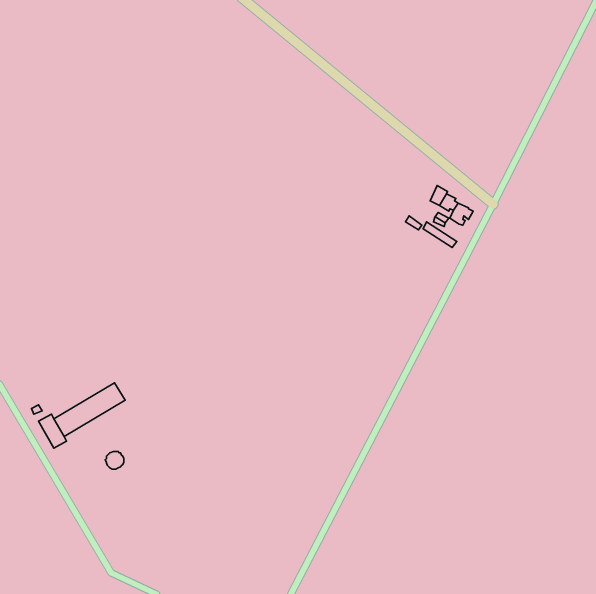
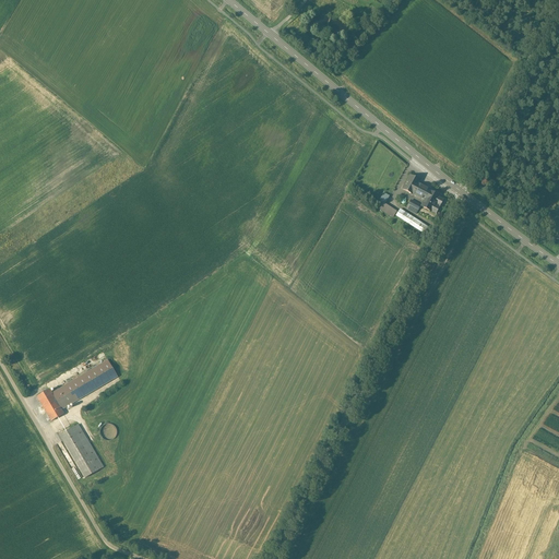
building: none -> [59,423,102,476]

